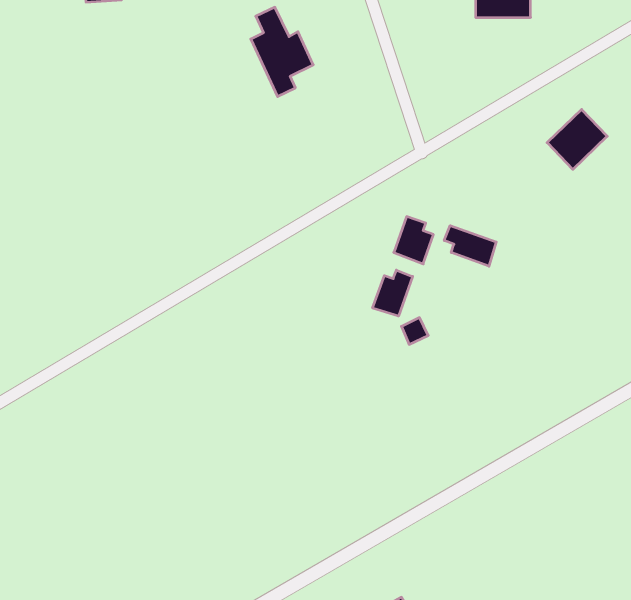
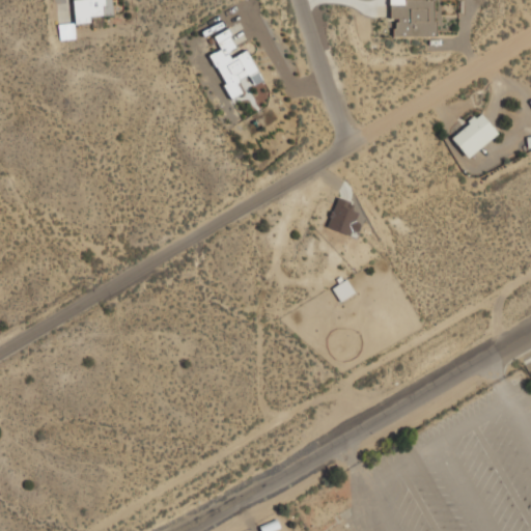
building: [444,226,496,266] -> none
building: [373,270,413,316] -> none

